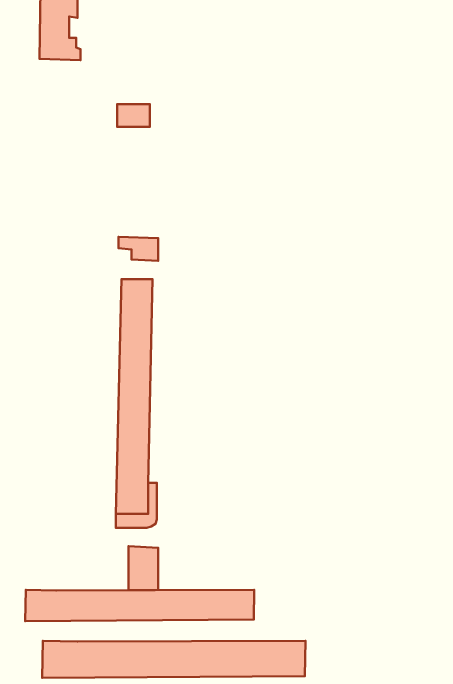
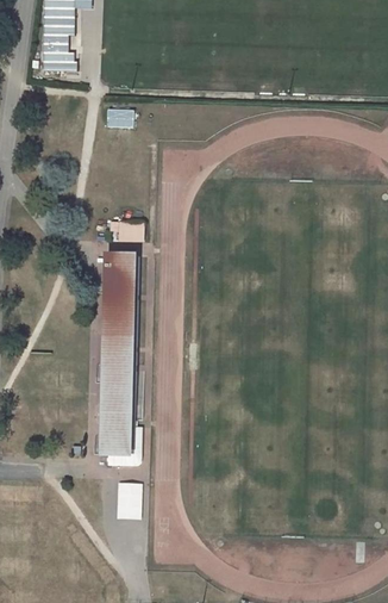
building: [25,590,254,621] -> none
building: [42,641,306,678] -> none

